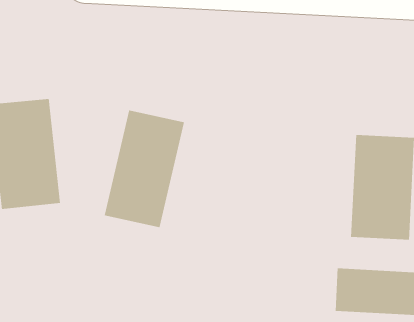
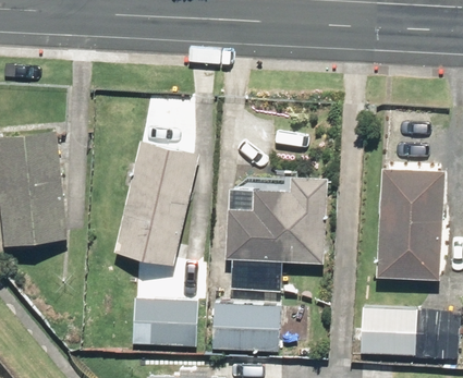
building: none -> [224,178,327,263]
building: none -> [132,297,200,347]
building: none -> [210,304,281,352]

